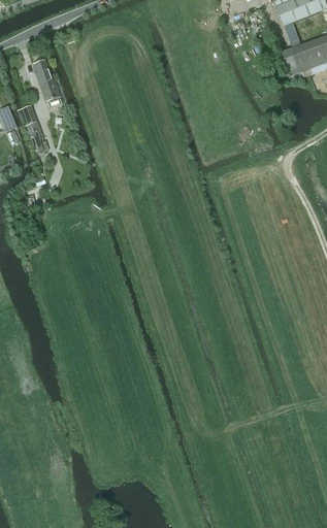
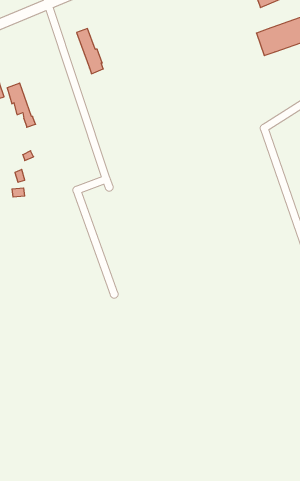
building: [33,60,61,107] -> [77,29,103,74]

